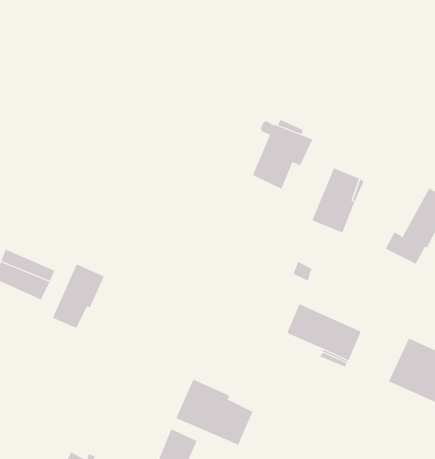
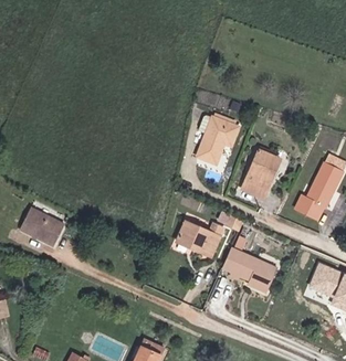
building: [52,263,105,329] -> none
building: none -> [179,222,228,255]
building: [176,379,253,445] -> none

